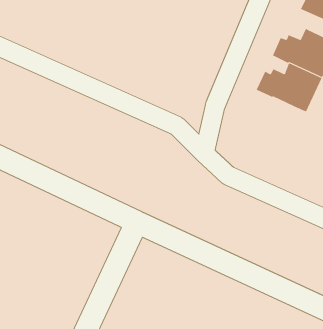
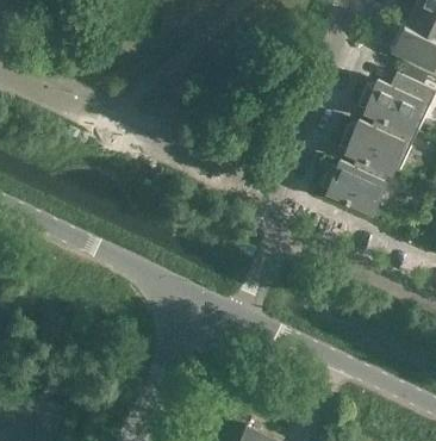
building: none -> [317,154,387,212]

